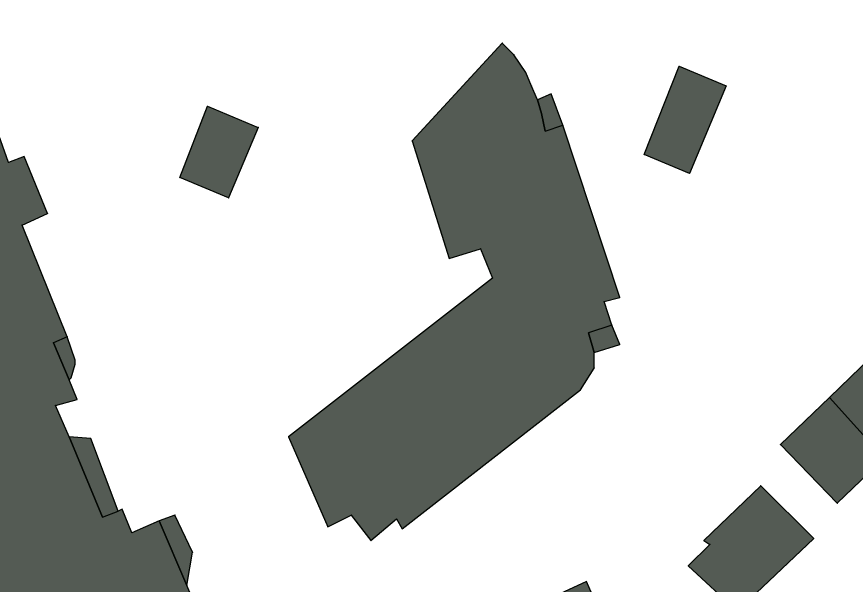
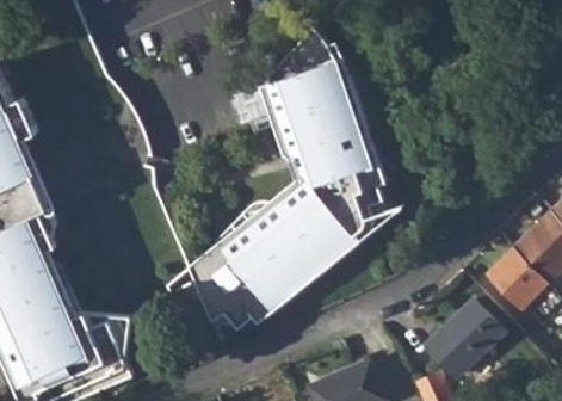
building: [644,66,726,173] -> none
building: [180,106,258,198] -> none

